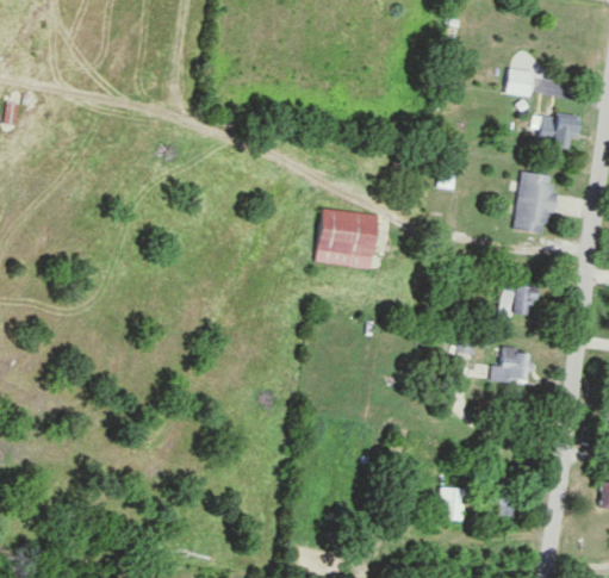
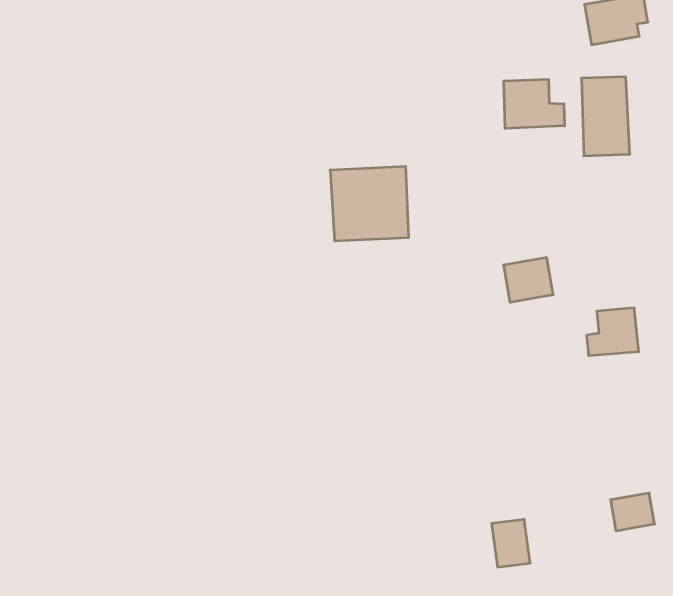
building: none -> [504,79,565,129]
building: [501,285,534,313] -> [503,258,553,302]
building: [437,486,464,521] -> [492,519,530,567]

